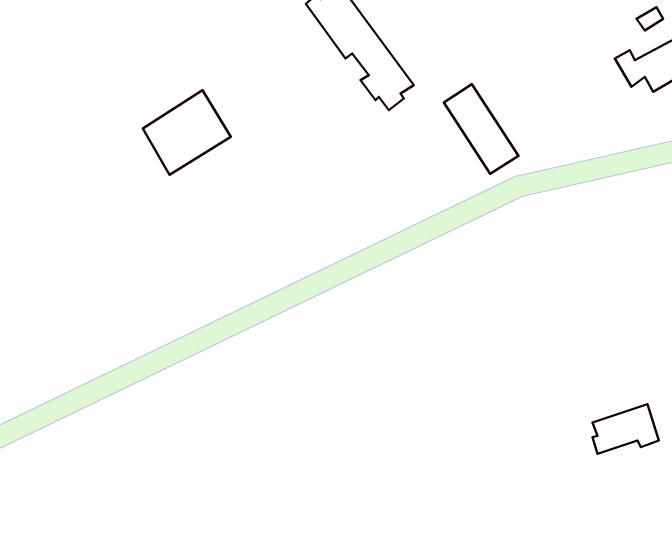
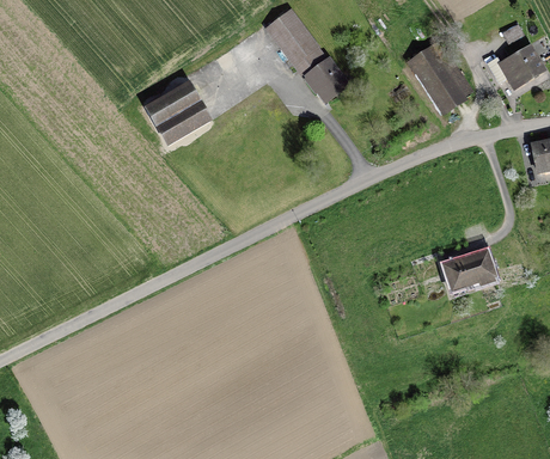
building: [444,84,519,174] -> [410,47,464,111]
building: [592,404,659,454] -> [446,251,494,287]

